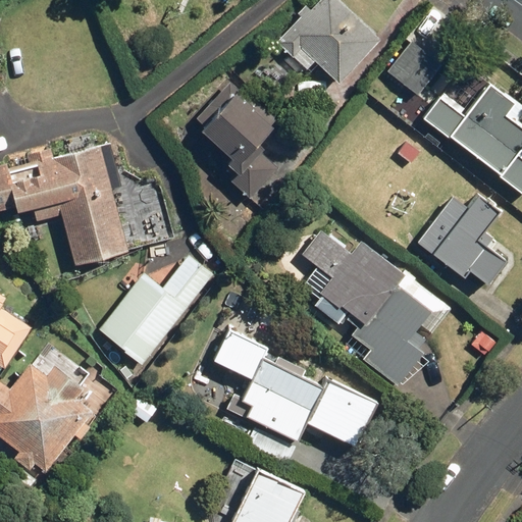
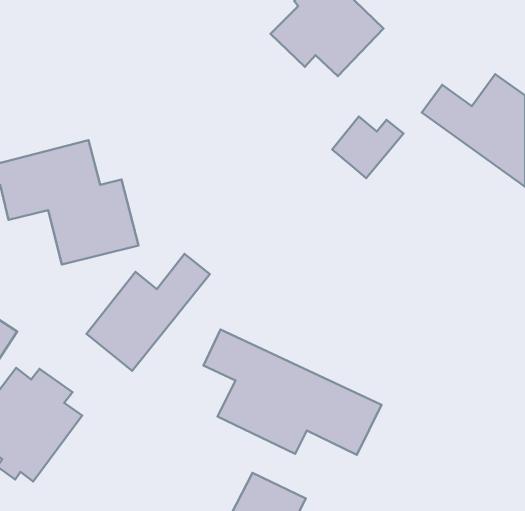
building: [383,39,452,98] -> [332,117,403,178]
building: [194,83,278,201] -> none
building: [415,193,511,285] -> none
building: [302,229,452,389] -> none

